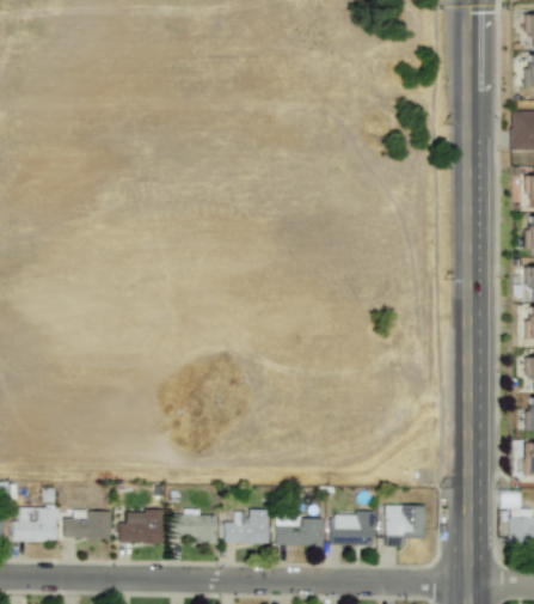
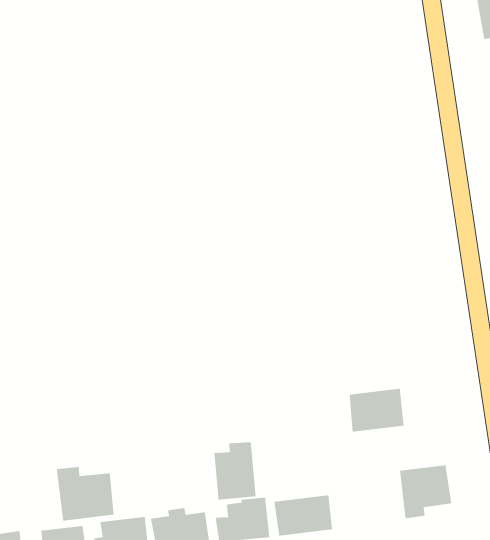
building: none -> [214,441,256,501]
building: none -> [56,466,114,521]
building: [329,513,375,547] -> [349,388,405,432]

